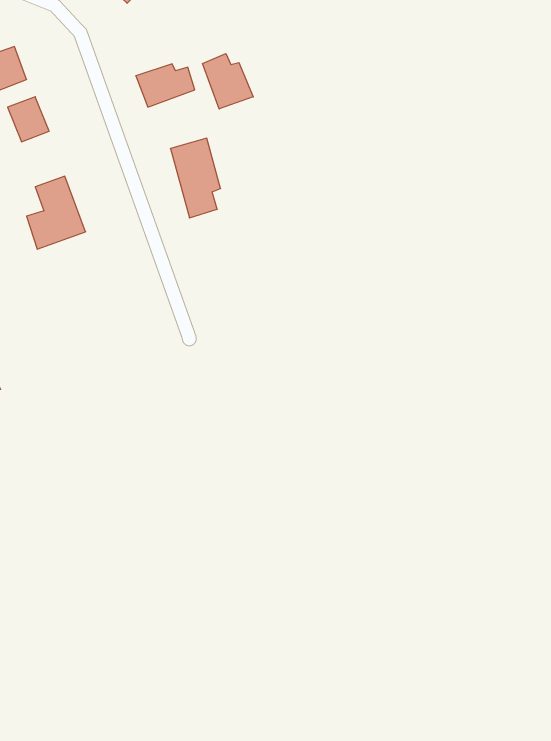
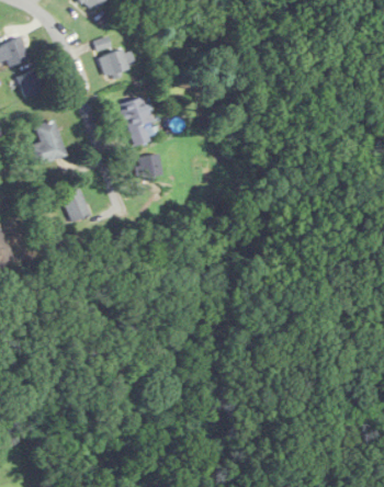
building: [202,54,253,109] -> none
building: none -> [136,155,160,177]
building: none -> [63,189,90,222]

